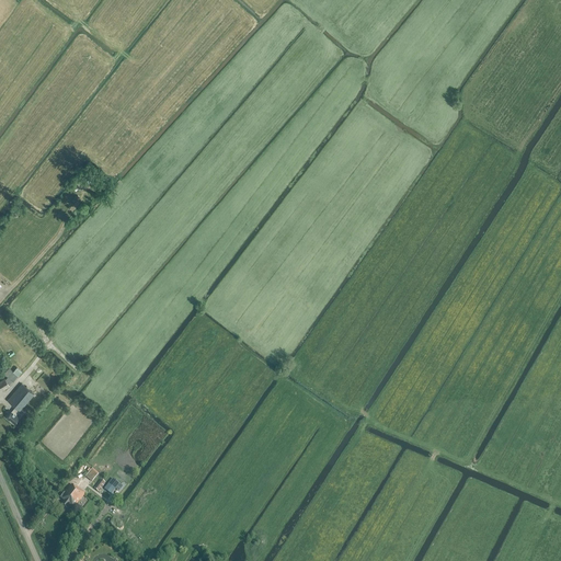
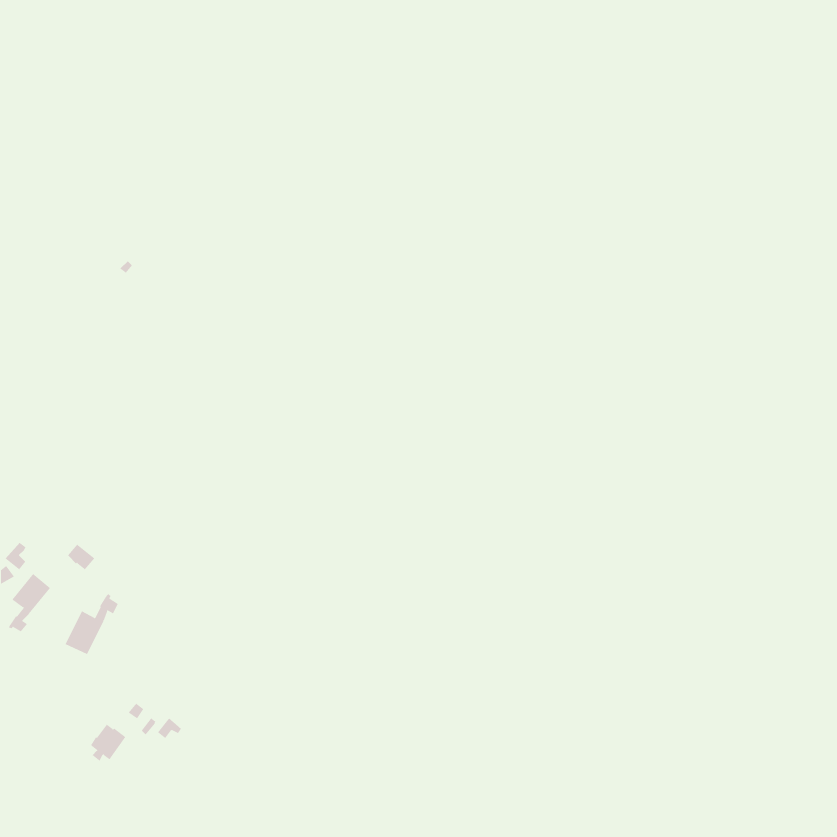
building: none -> [65,593,118,655]

